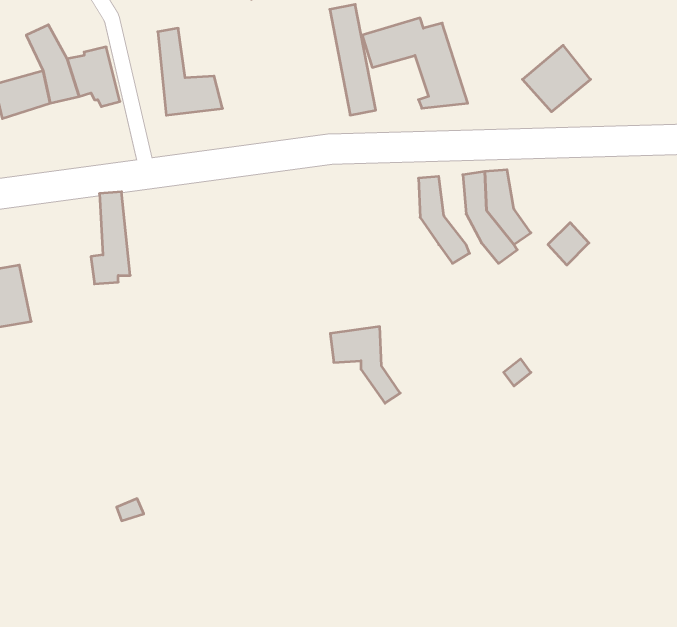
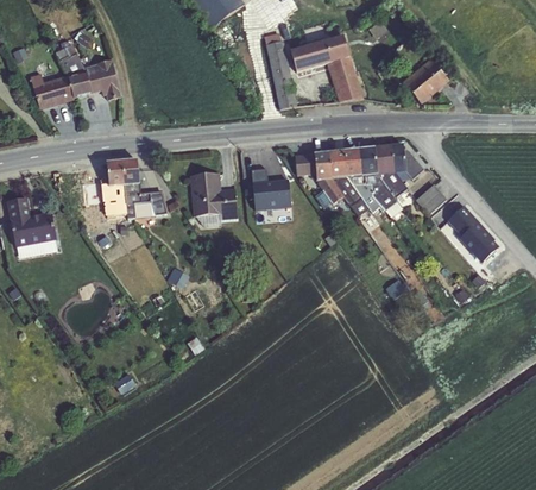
building: [158,28,223,115] -> [121,158,166,219]
building: none -> [390,144,424,180]
building: none -> [342,149,372,197]
building: none -> [253,168,292,207]
building: none -> [189,172,238,221]
building: none -> [446,203,503,262]
building: [330,327,400,403] -> [294,151,342,205]

